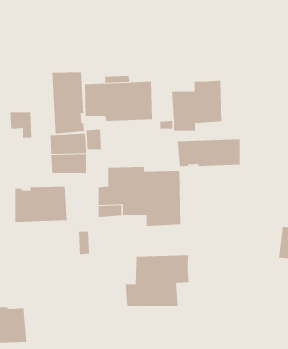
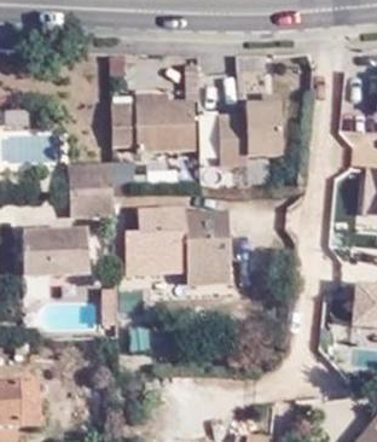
building: [52,72,84,135] -> none
building: [177,139,240,167] -> none
building: [125,255,189,307] -> none

